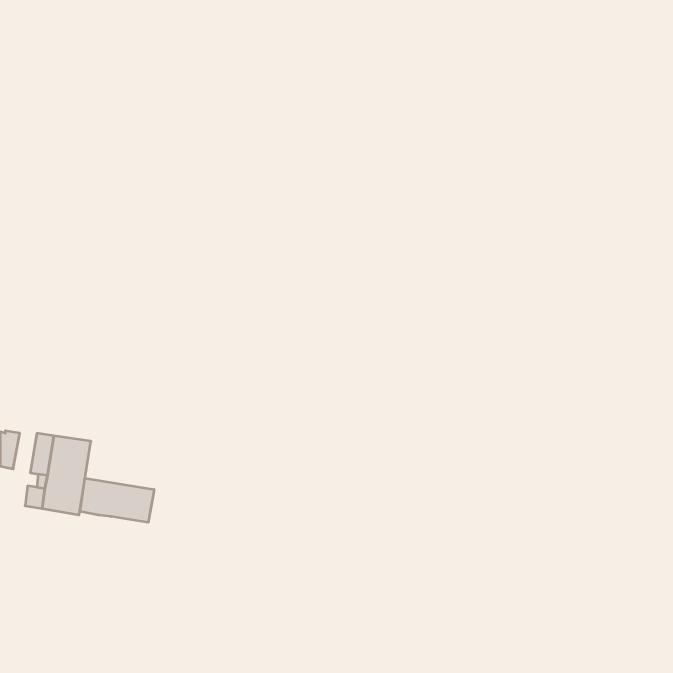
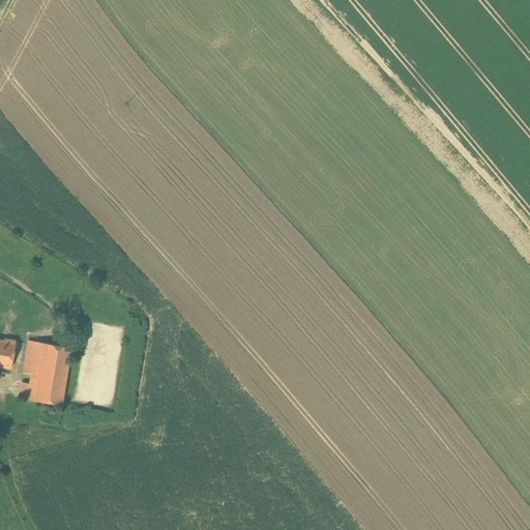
building: [80,478,154,522] -> none

